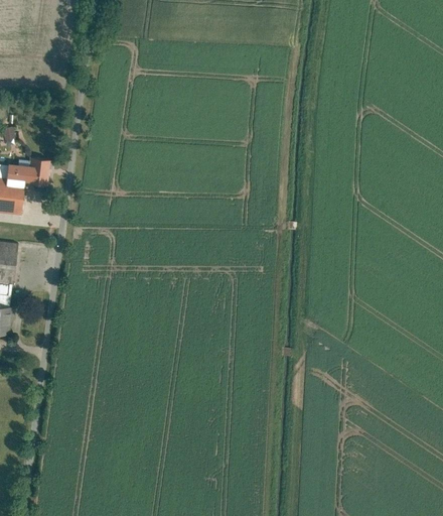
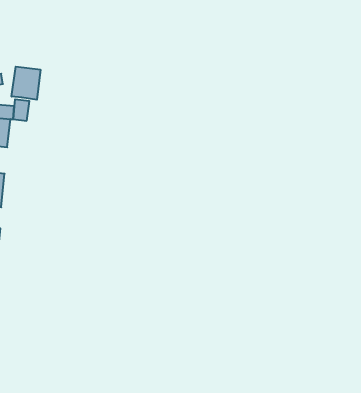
building: none -> [12,67,40,100]

